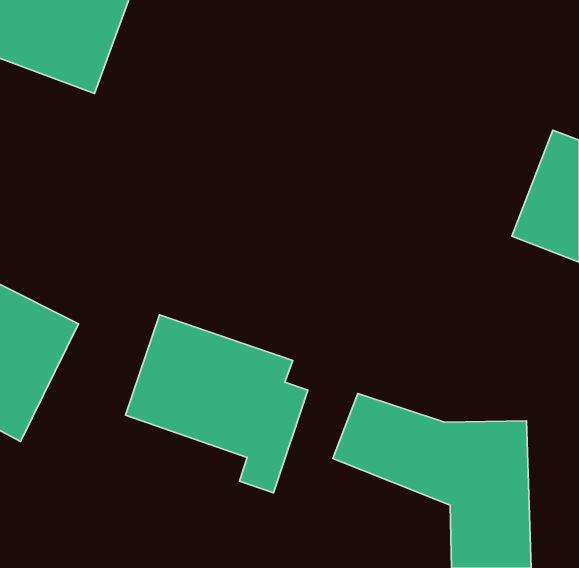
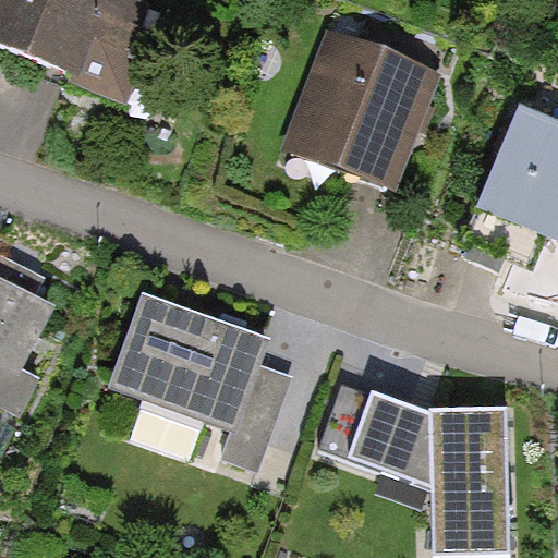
building: none -> [281,31,441,189]

